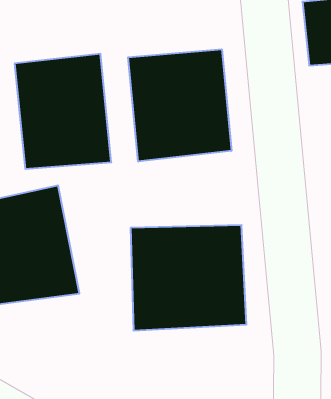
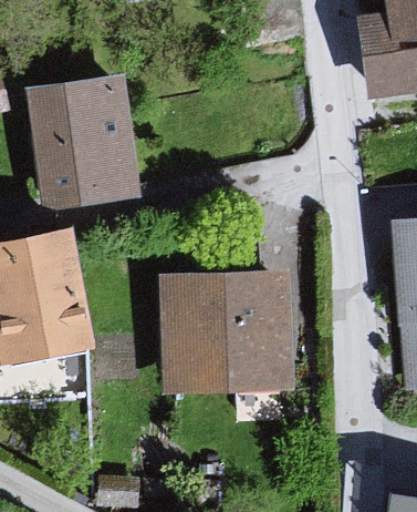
building: [128,49,231,162] -> none

